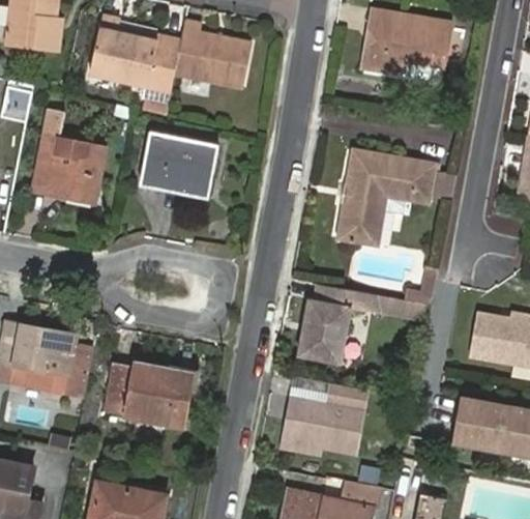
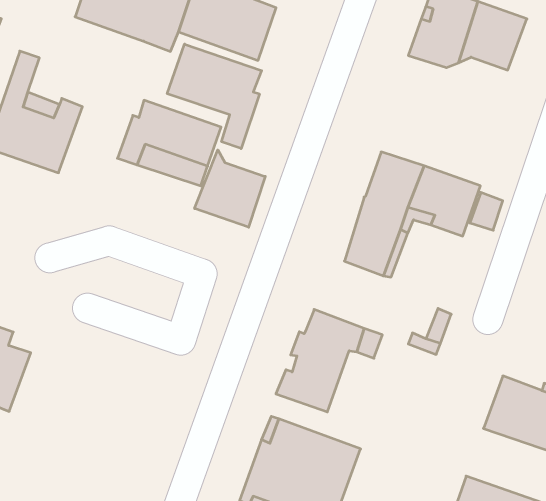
building: none -> [167,44,262,149]
building: none -> [195,150,265,227]
building: [106,362,195,424] -> none

